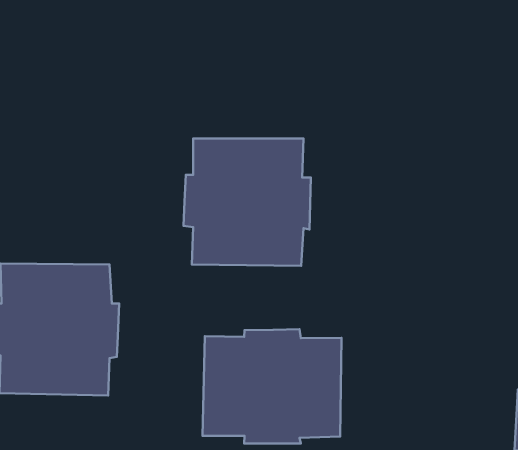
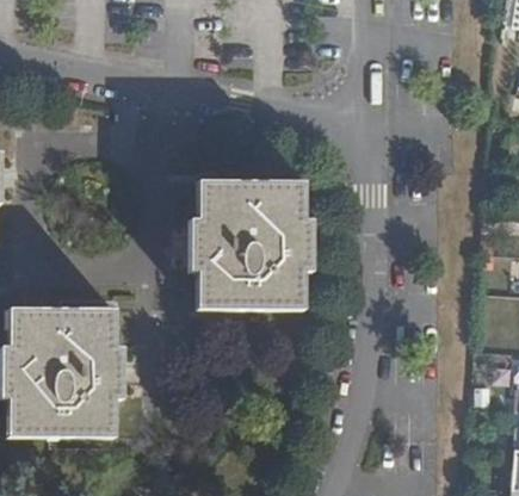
building: [202,329,341,443] -> none

